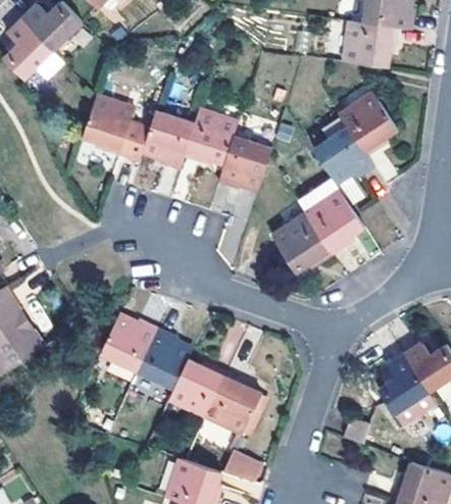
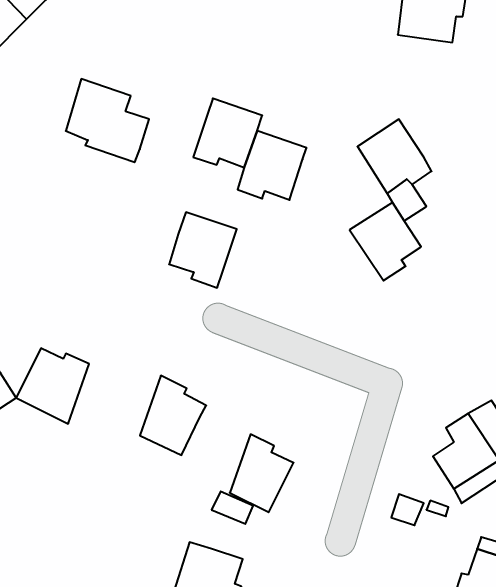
building: [338,94,397,157] -> none
building: [142,110,195,169] -> [169,212,237,288]
building: [272,214,333,270] -> none
building: [101,316,158,375] -> [16,348,89,424]
building: [169,361,229,420] -> none
building: [222,448,264,484] -> none

